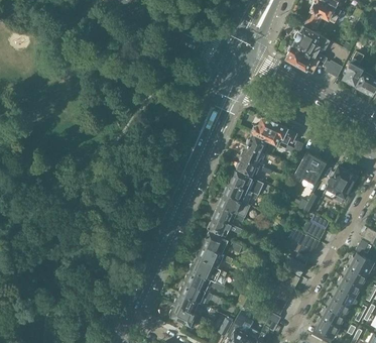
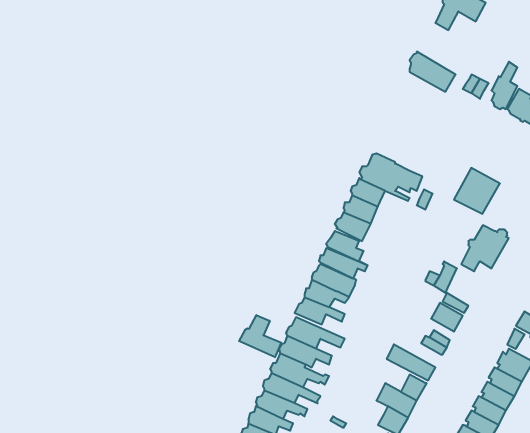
building: [292,26,330,64] -> none
building: [294,152,327,185] -> [454,168,500,214]
building: none -> [239,315,281,357]

